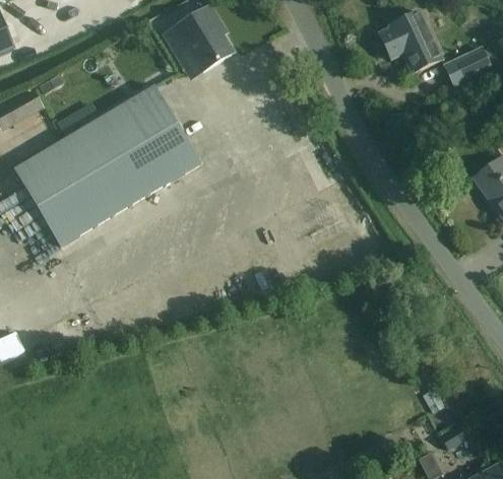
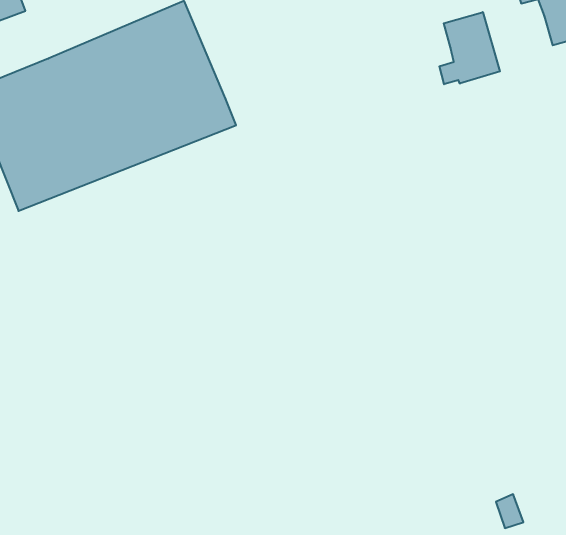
building: none -> [439,12,500,84]

